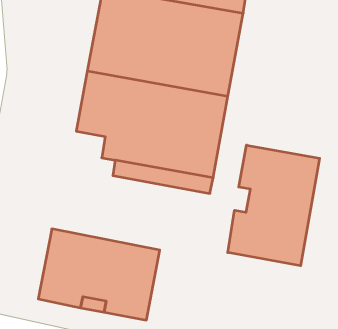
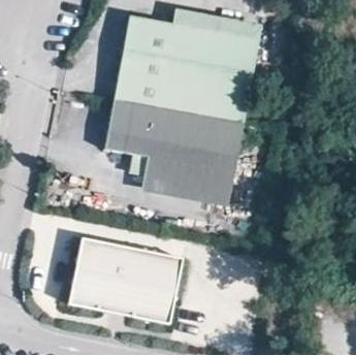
building: [228,145,320,266] -> none

